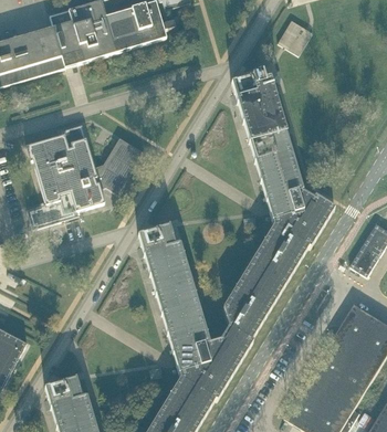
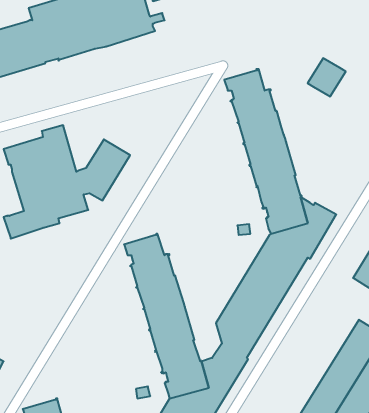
building: [278,19,313,54] -> [308,58,346,96]

